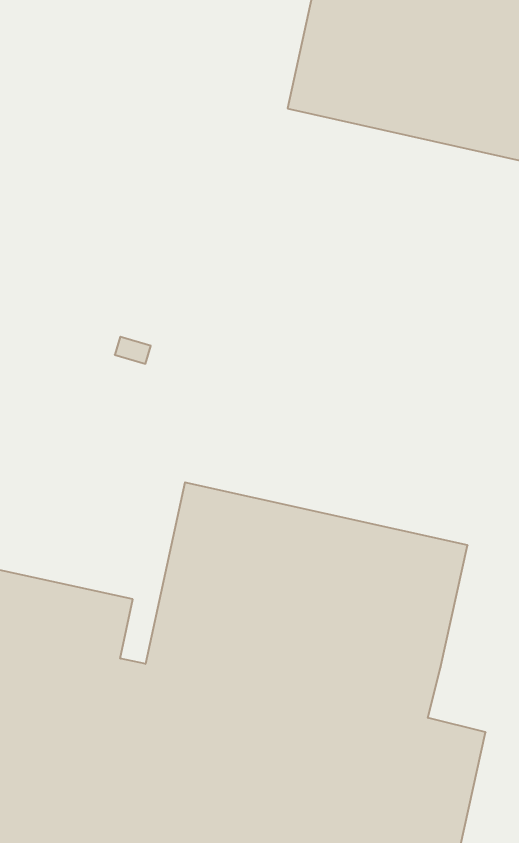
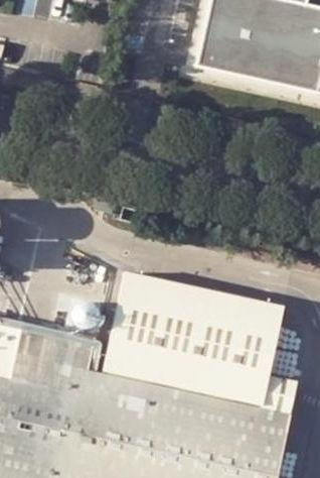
building: none -> [263,378,302,414]

